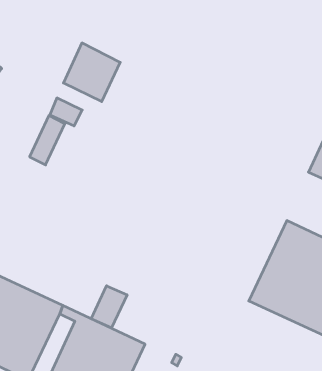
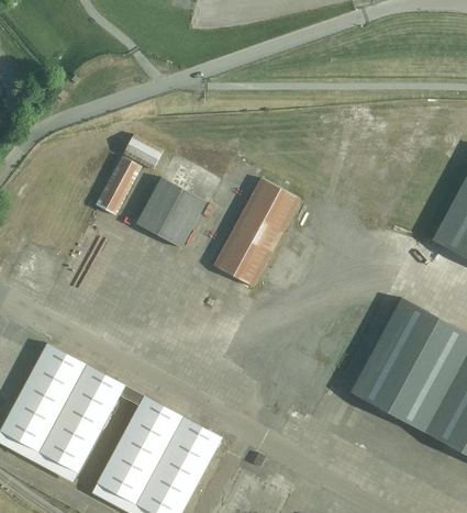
building: [63,43,120,102] -> [136,176,207,248]
building: none -> [212,178,300,287]
building: [91,286,127,328] -> none

